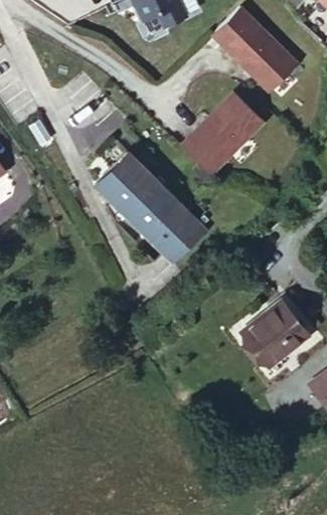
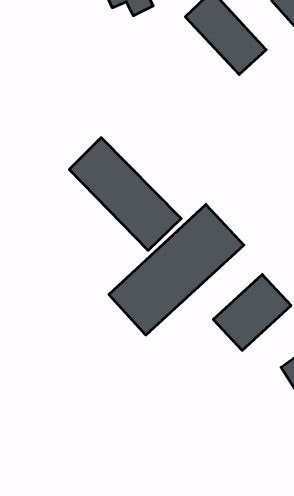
building: [177,94,259,174] -> none
building: none -> [109,204,244,335]

